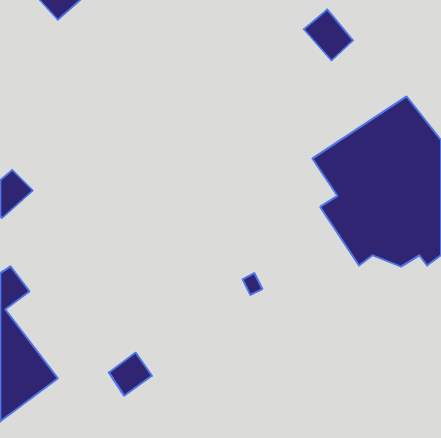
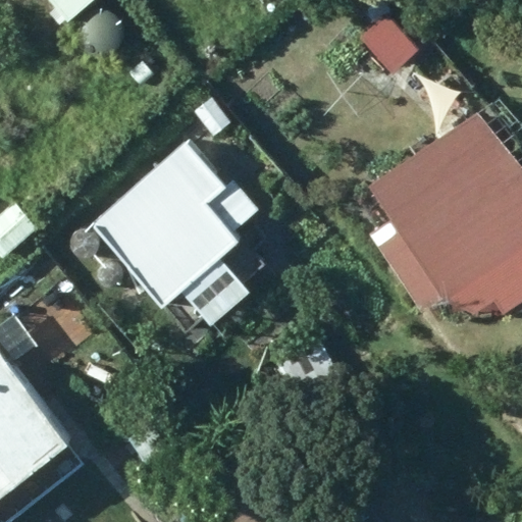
building: none -> [88,140,237,311]

